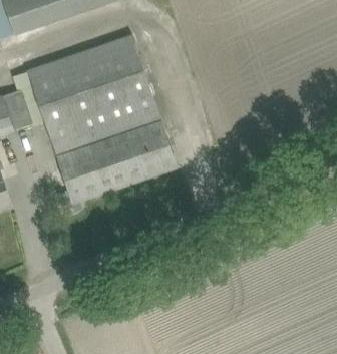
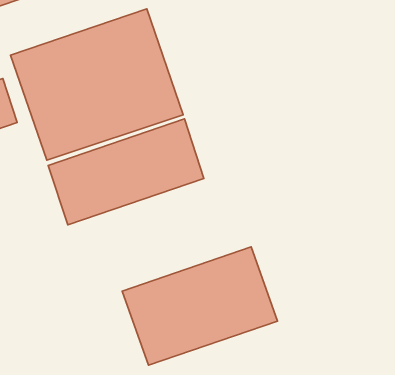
building: none -> [122,247,278,365]

